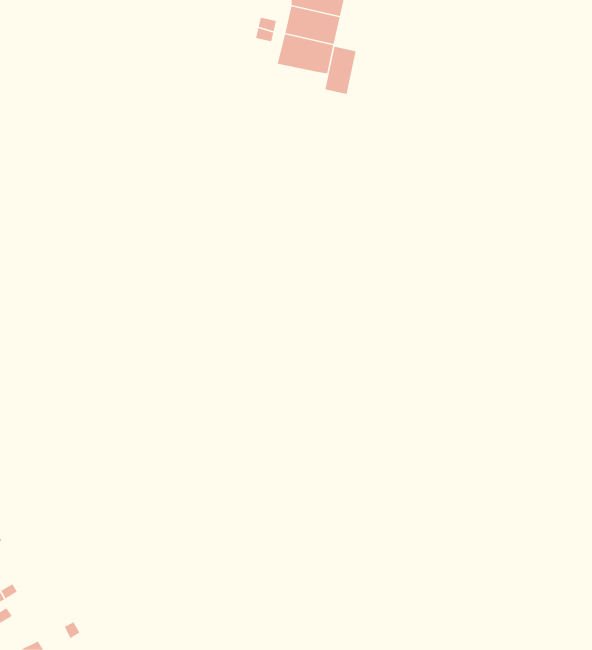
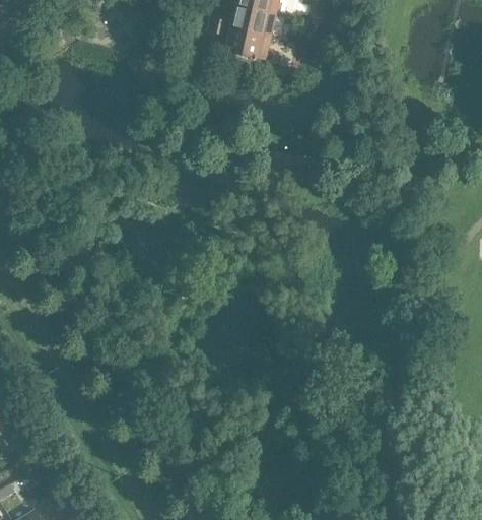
building: [324,46,357,95] -> none

